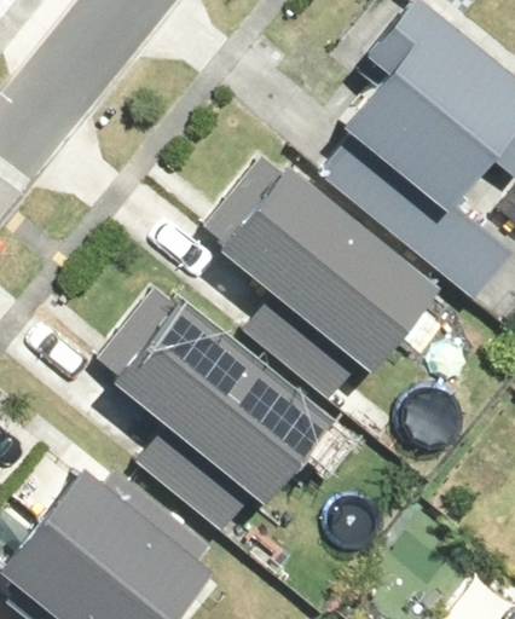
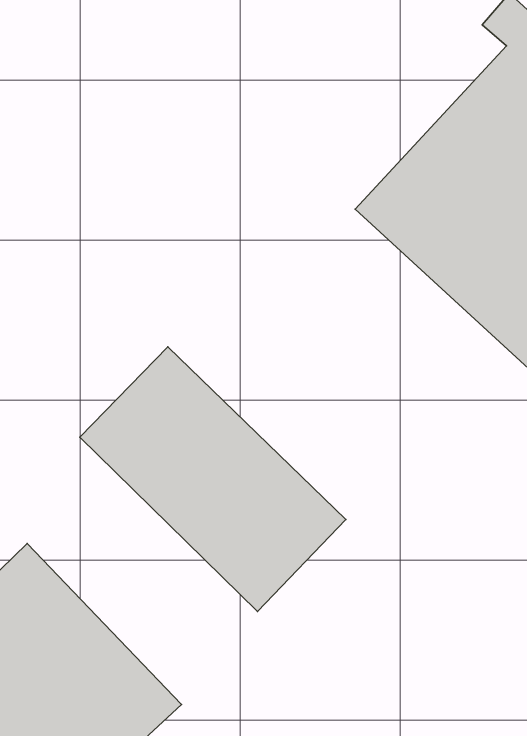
building: [227,169,439,364] -> none

